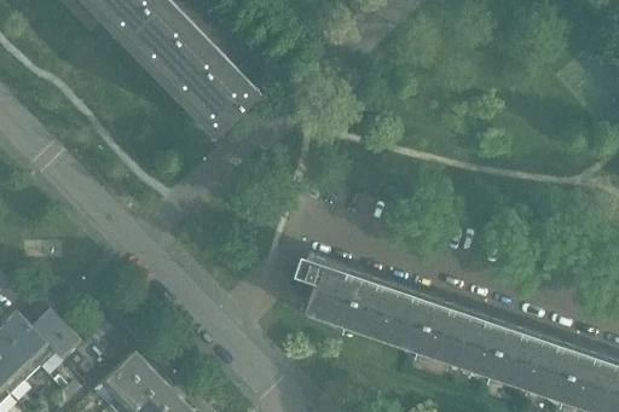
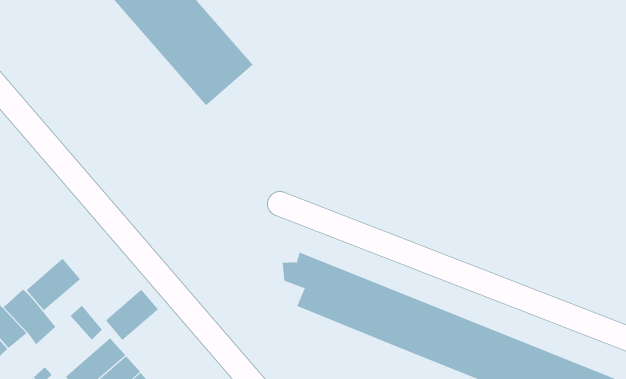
building: none -> [26,258,81,311]
building: none -> [105,289,159,341]

